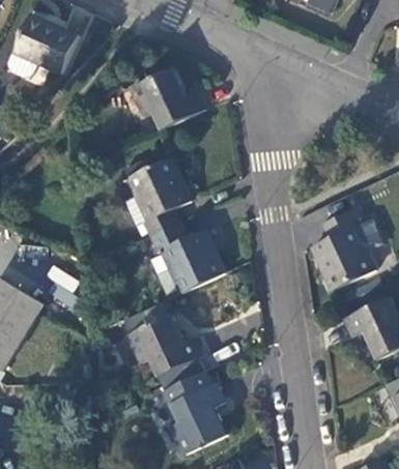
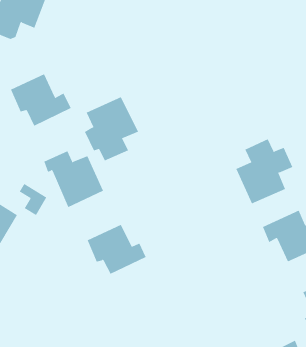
building: [131,66,206,131] -> [10,74,71,127]
building: [149,223,224,293] -> [43,151,104,208]
building: [163,371,226,452] -> none

